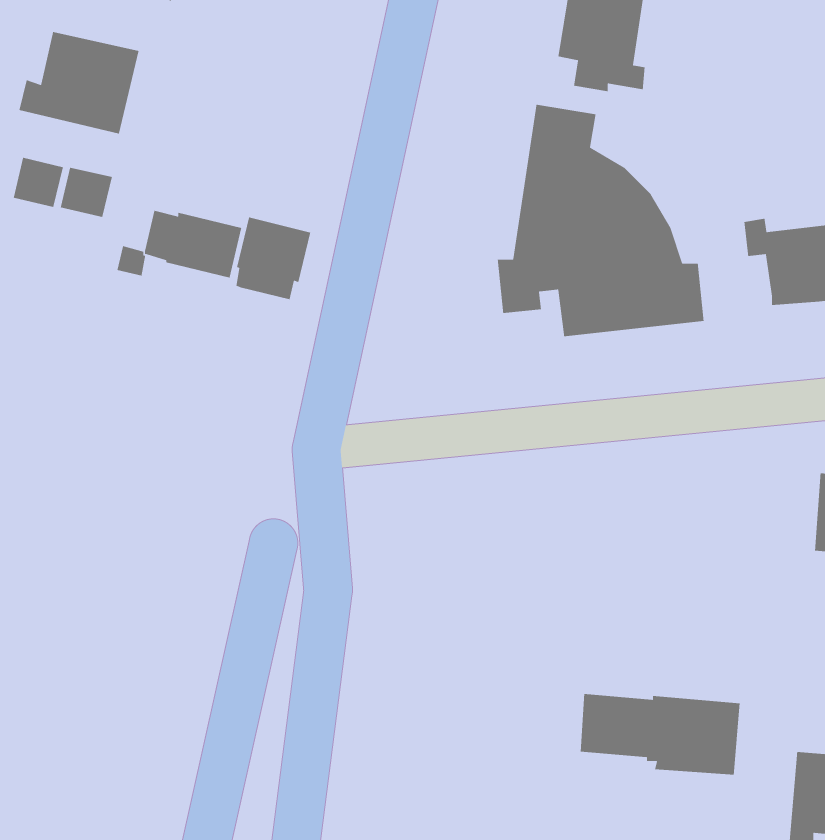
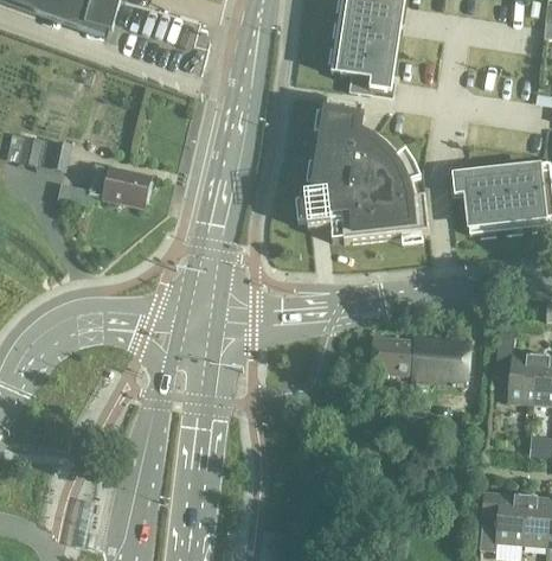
building: [18,31,139,135] -> none
building: [235,216,311,300] -> none
building: [580,693,740,776] -> [372,336,469,385]

